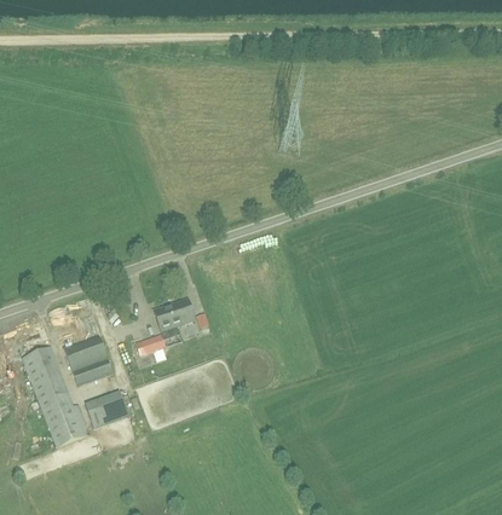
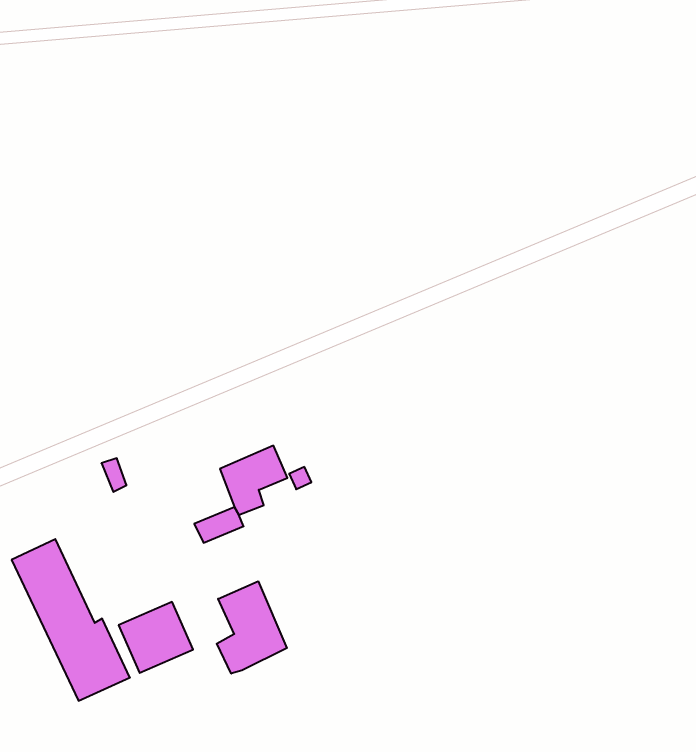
building: [64,334,112,384] -> none
building: none -> [217,581,287,674]

